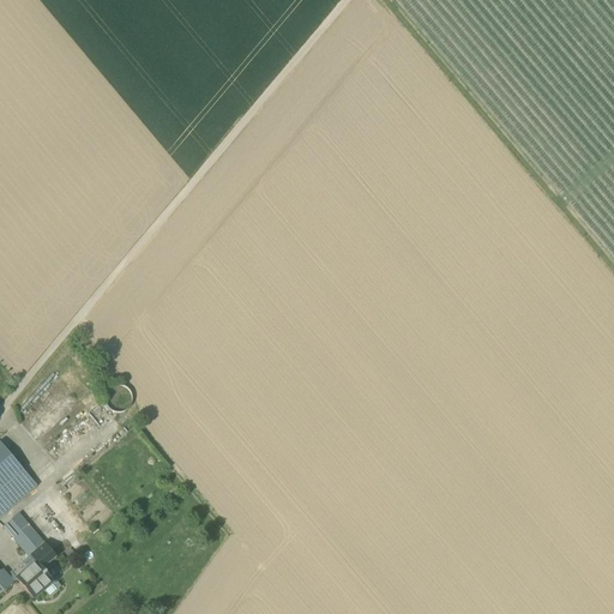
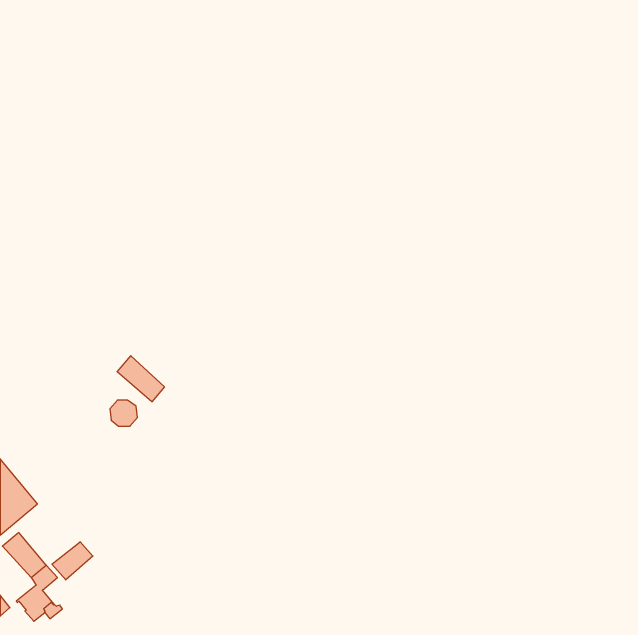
building: none -> [117,356,164,402]
building: none -> [52,542,93,580]

